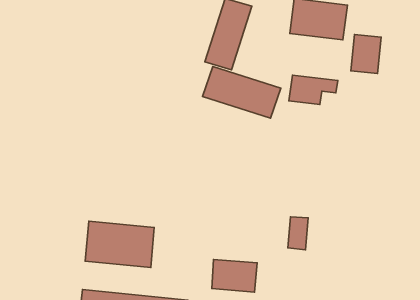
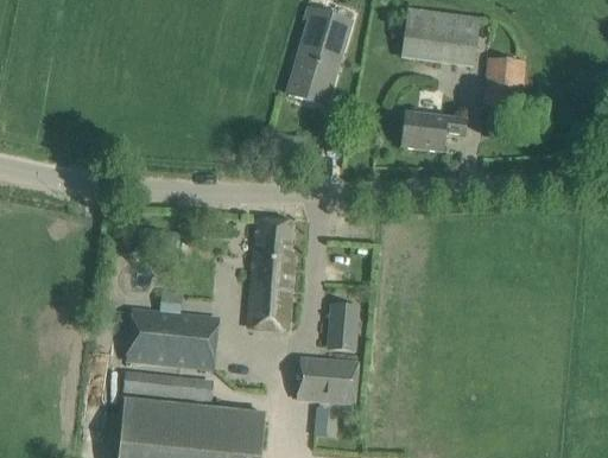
building: [203,66,281,118] -> none
building: none -> [248,217,294,318]
building: [288,217,308,250] -> [329,305,356,349]
building: none -> [124,369,200,397]

